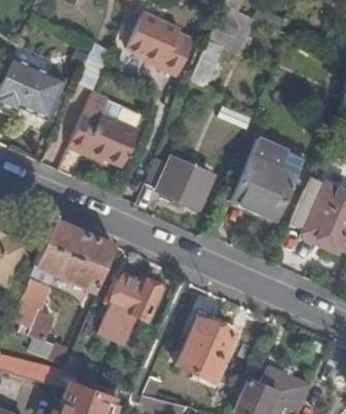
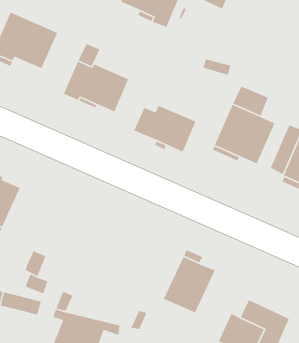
building: [35,219,114,292] -> none
building: [98,275,160,342] -> none
building: [11,278,48,327] -> none

